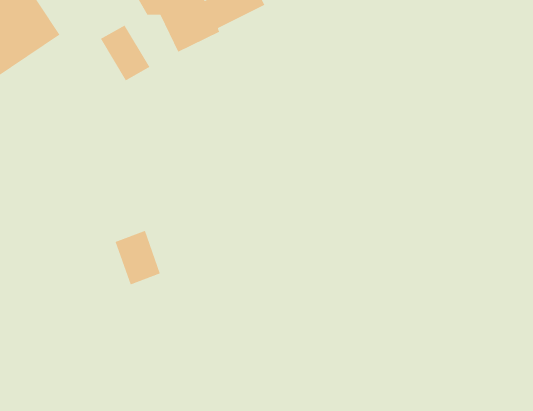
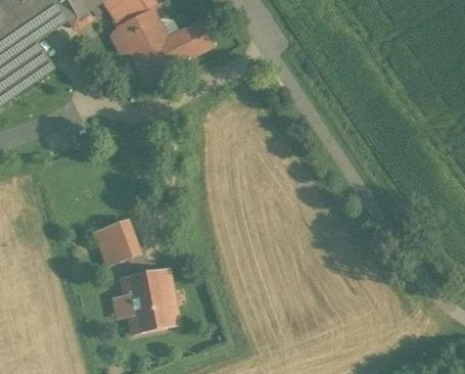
building: [100,24,150,81] -> none
building: none -> [122,267,178,332]

